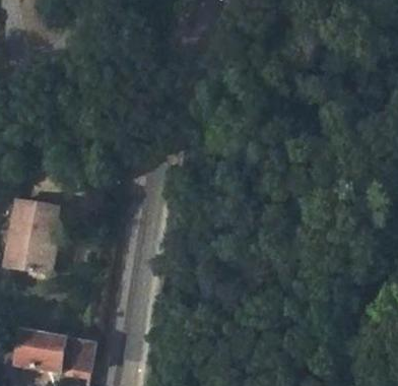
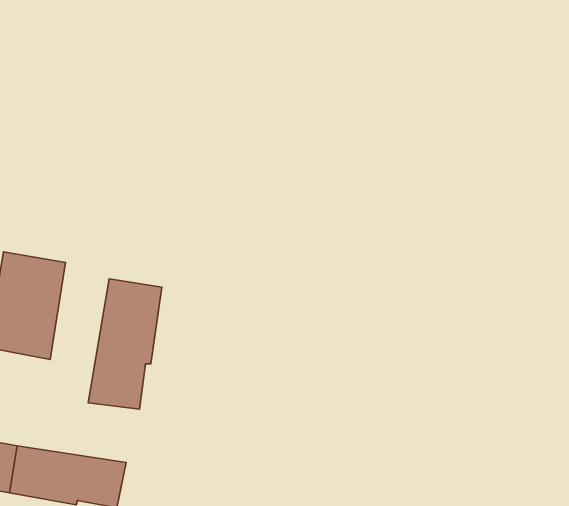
building: none -> [88,279,162,409]

